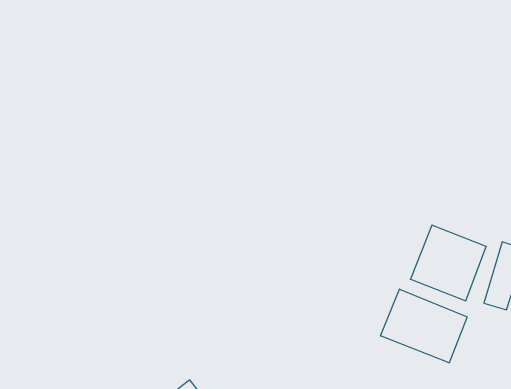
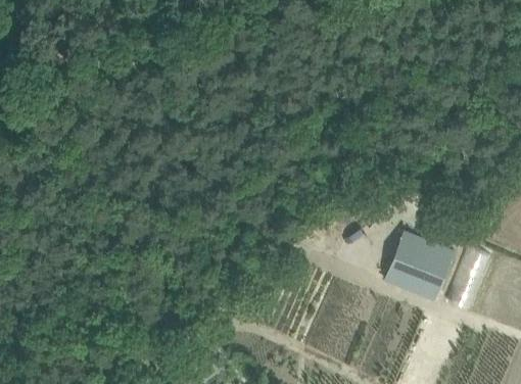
building: [381,289,467,363] -> none

